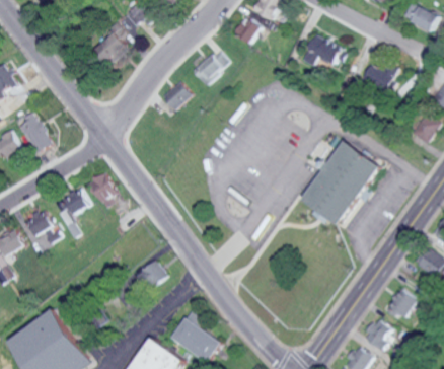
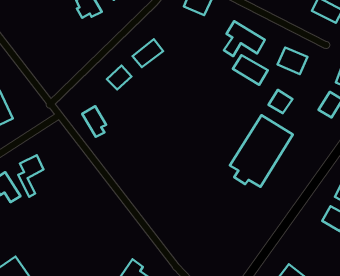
building: [233,16,260,44] -> none
building: [92,26,125,64] -> none
building: none -> [233,55,268,85]
building: none -> [268,90,292,113]
building: [85,171,114,208] -> [82,106,106,137]
building: [133,261,164,291] -> none
building: [385,289,416,322] -> none

